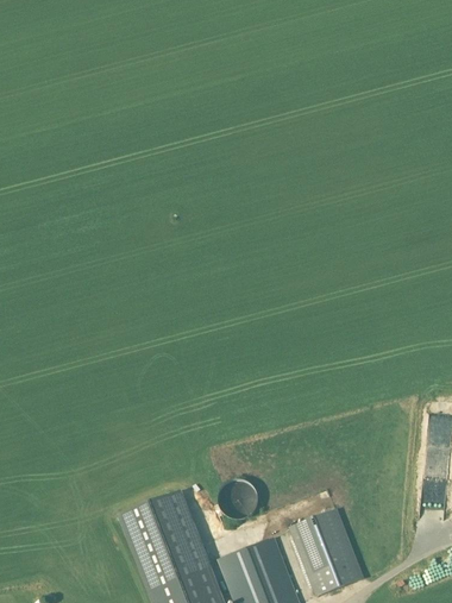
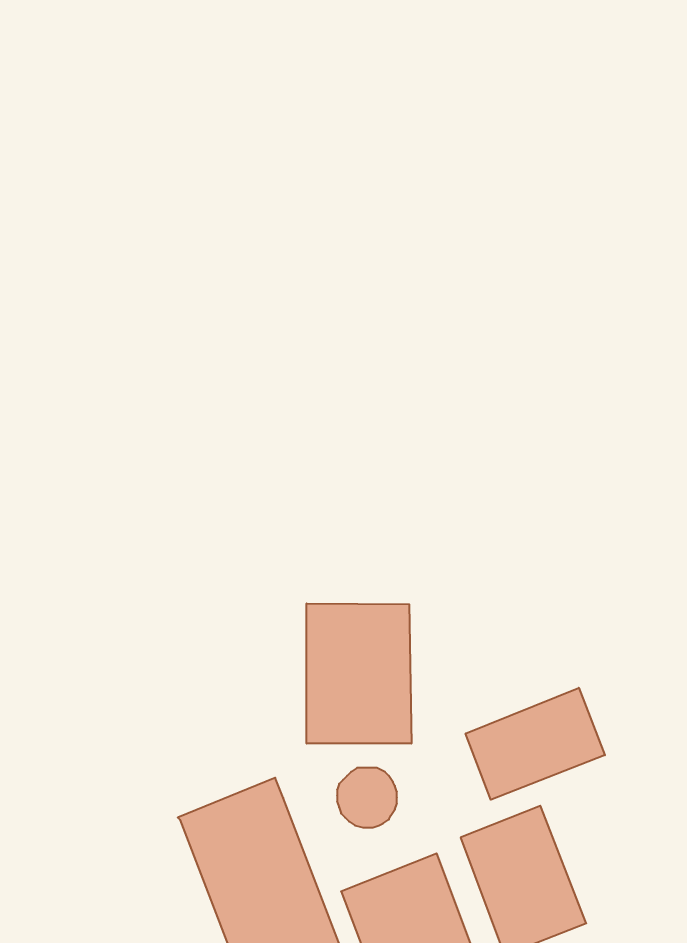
building: none -> [307,603,411,744]
building: none -> [466,688,605,800]

